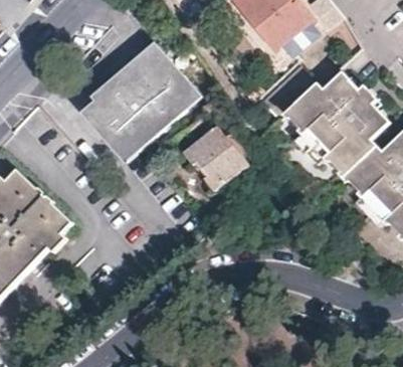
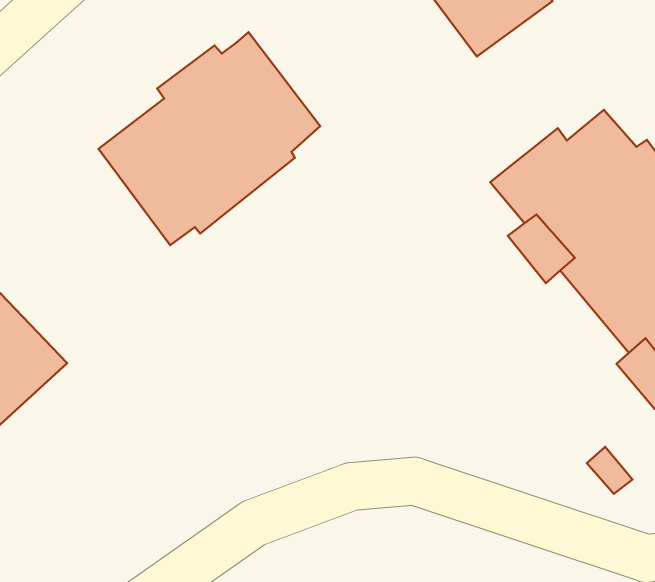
building: [183,128,247,190] -> none

